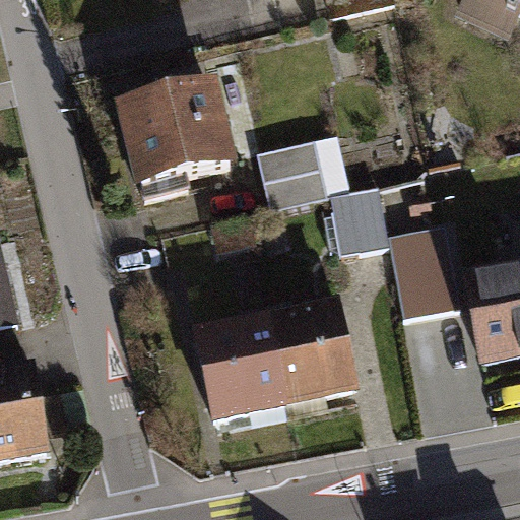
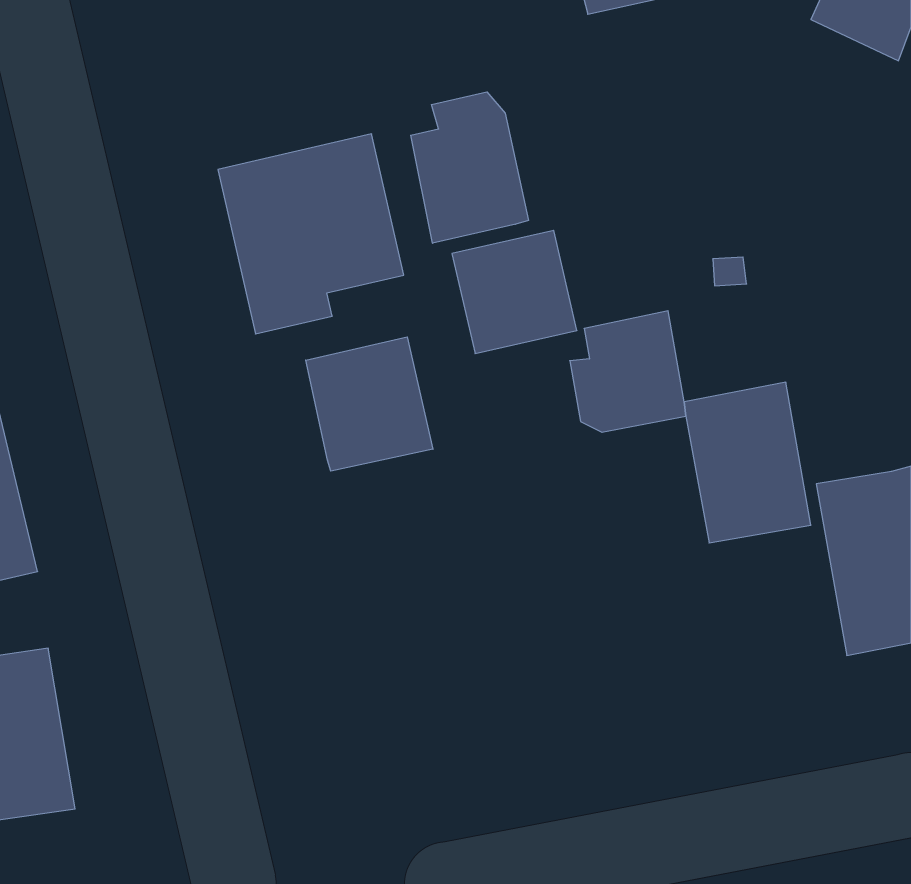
building: none -> [411,92,529,243]
building: none -> [306,337,433,471]
building: [197,303,360,429] -> none

